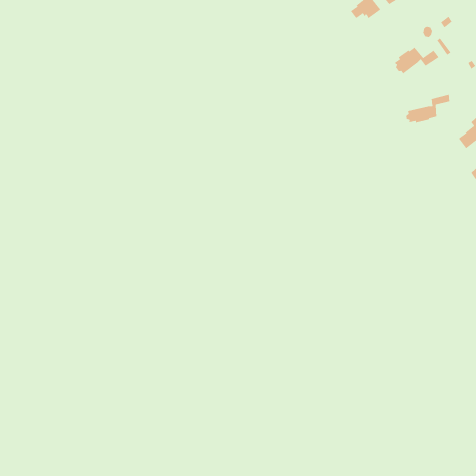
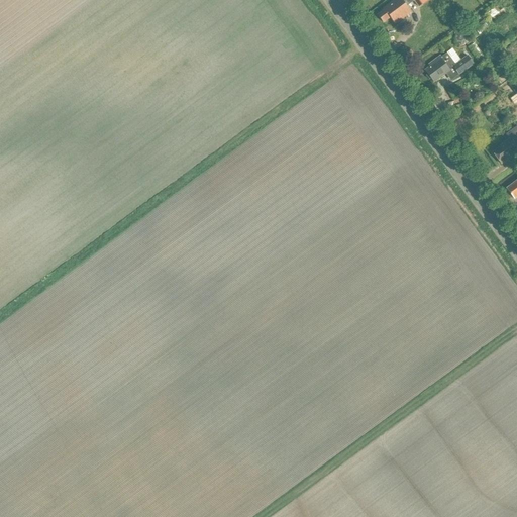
building: [406,94,450,123] -> none

